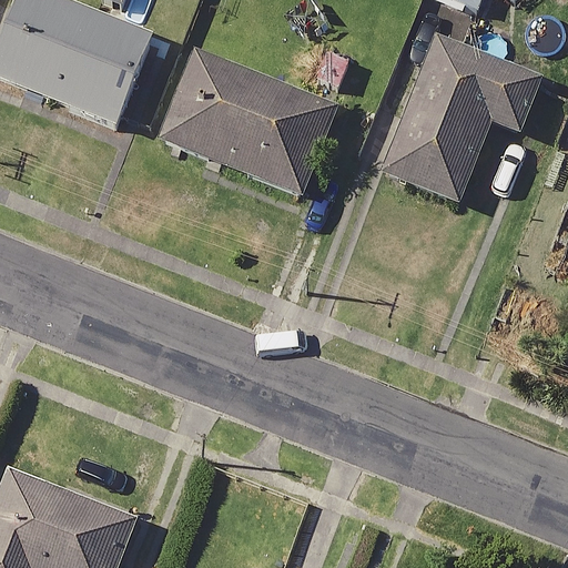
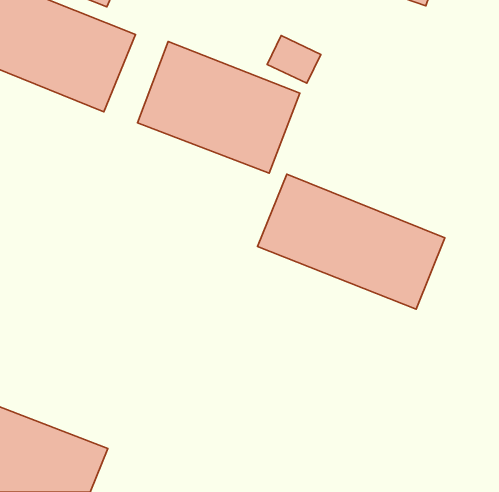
building: [382,31,545,203] -> none
building: none -> [257,174,445,309]

